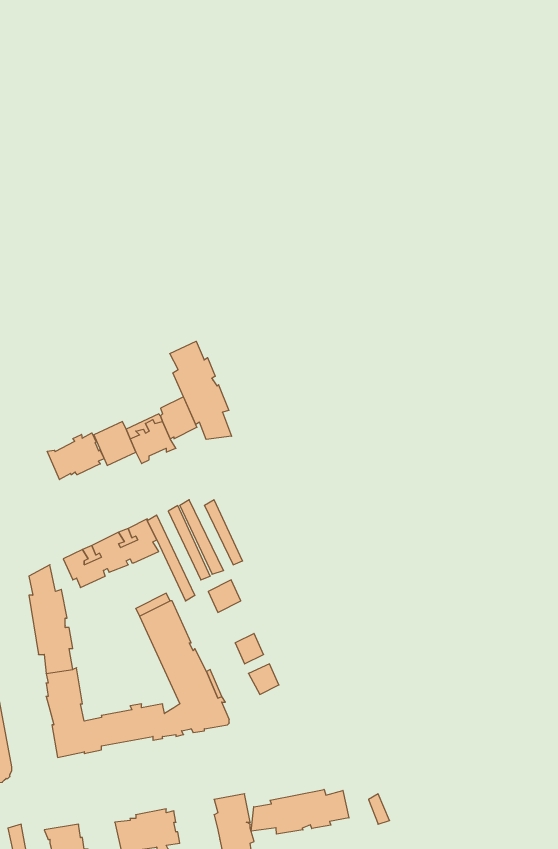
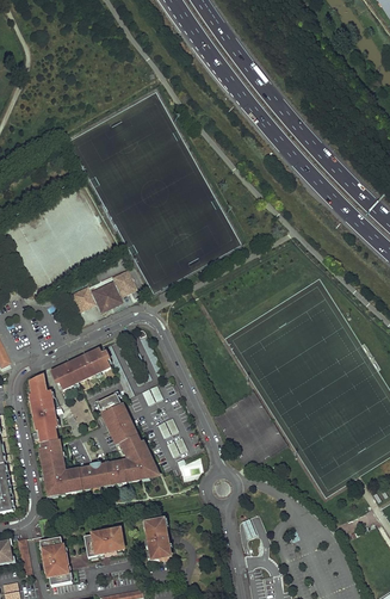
building: [170,341,232,439] -> none
building: [47,433,104,480] -> none
building: [251,789,349,834] -> none

